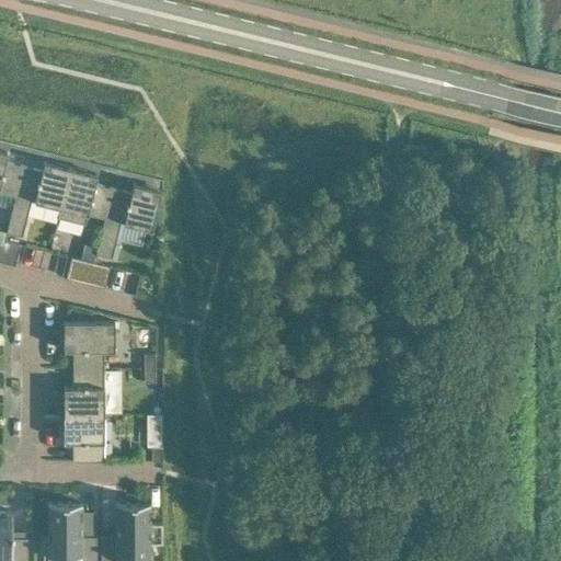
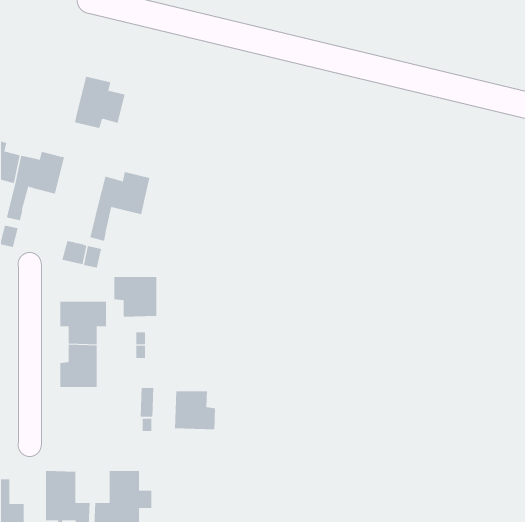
building: [57,171,112,227] -> [74,76,125,129]
building: none -> [114,276,157,318]
building: [64,416,104,463] -> none
building: none -> [175,391,215,430]

